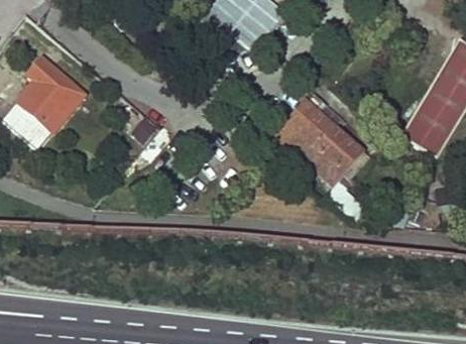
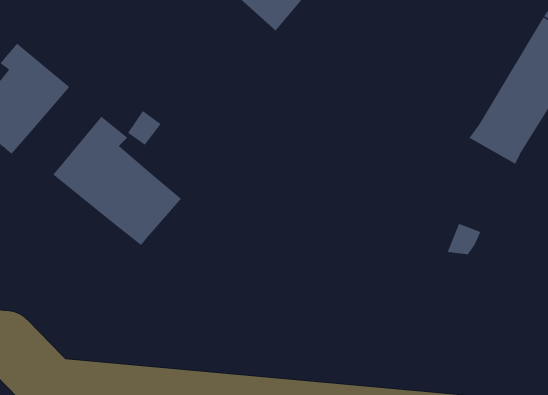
building: [277,99,366,184] -> none
building: none -> [52,116,182,246]

